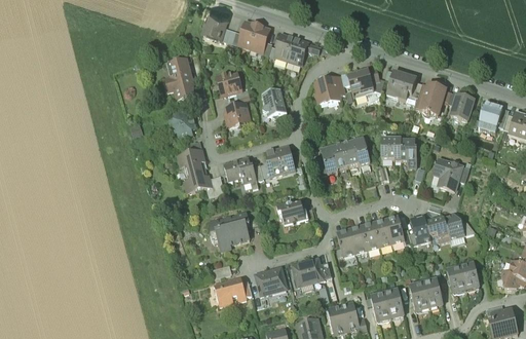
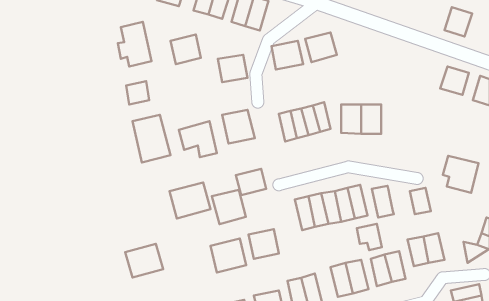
building: [385,68,418,101] -> none
building: [416,79,449,114] -> none
building: [449,91,476,120] -> [445,7,472,37]
building: [222,102,252,127] -> none
building: [431,157,466,193] -> [443,156,479,193]
building: none -> [212,190,246,224]
building: [427,221,452,247] -> [357,224,382,250]
building: [212,275,249,308] -> [125,244,163,278]

